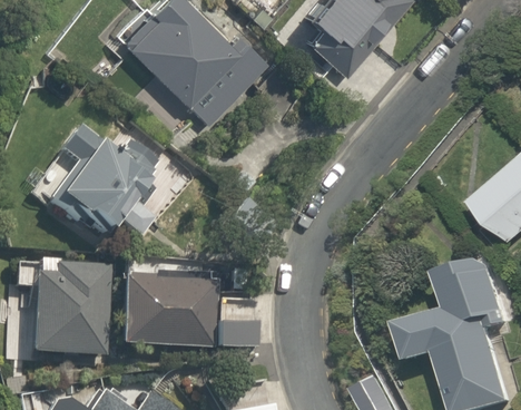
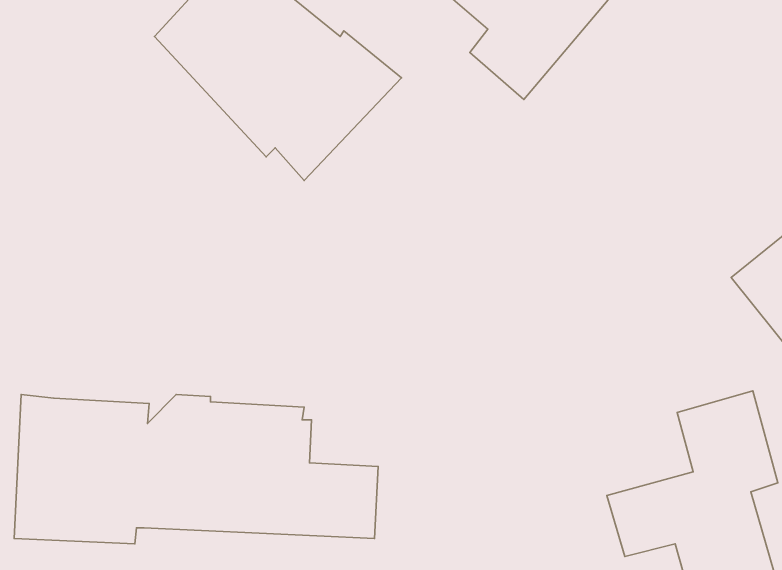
building: [49,125,160,241] -> none

